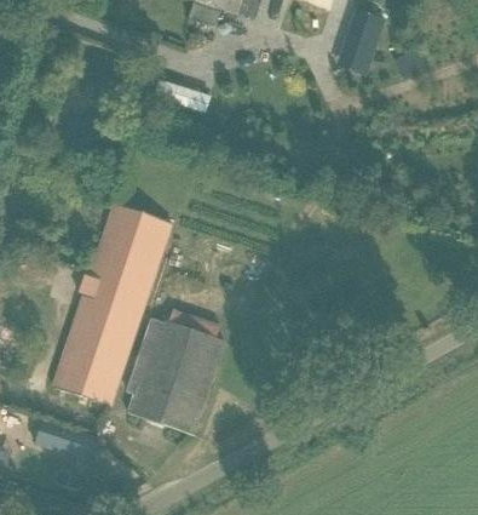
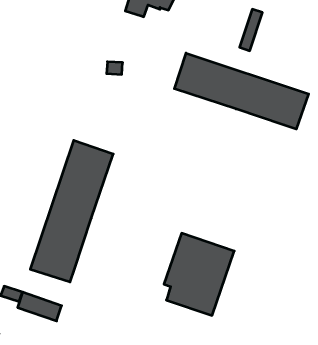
building: none -> [174,53,309,129]
building: [125,315,225,433] -> [164,233,234,315]

